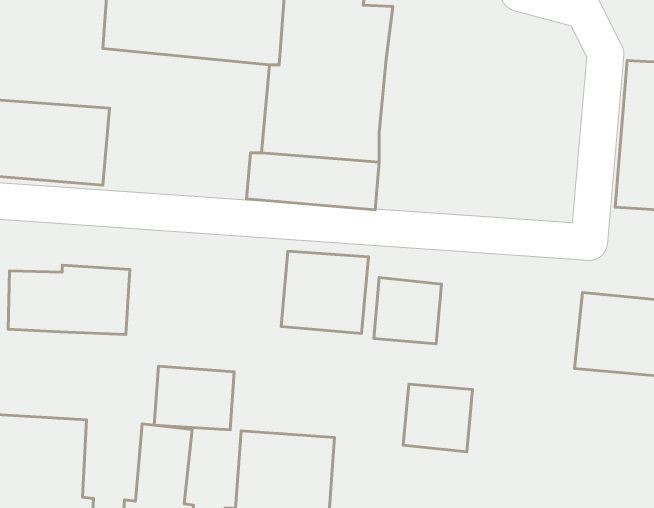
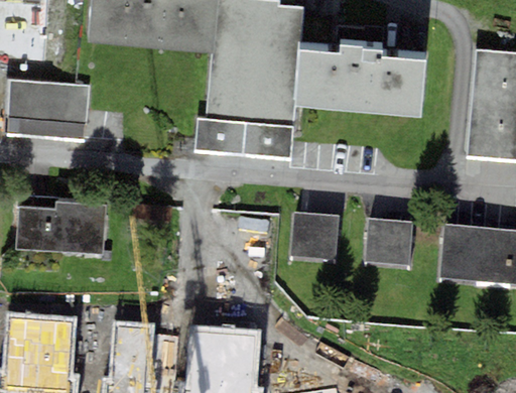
building: none -> [292,43,428,116]
building: [281,251,368,334] -> none
building: [154,366,234,430] -> none
building: [403,384,472,452] -> [363,218,414,268]

